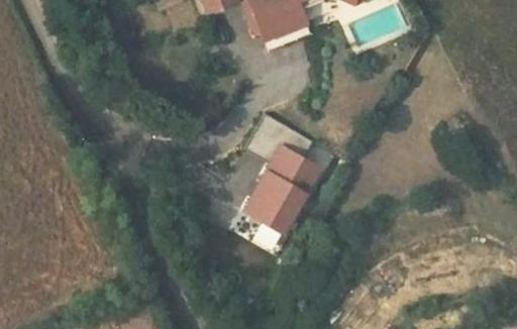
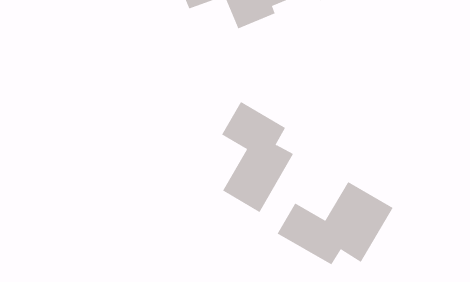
building: none -> [277,181,393,265]

